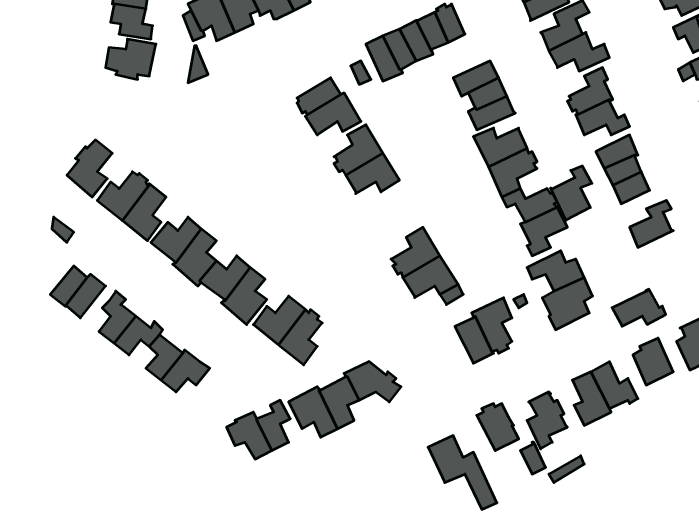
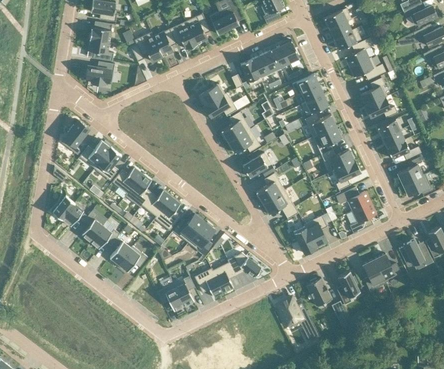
building: [551,166,592,220] -> none
building: none -> [242,152,275,176]
building: [612,289,666,326] -> [402,173,434,195]

